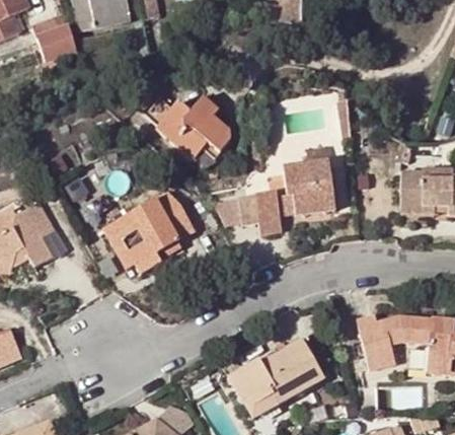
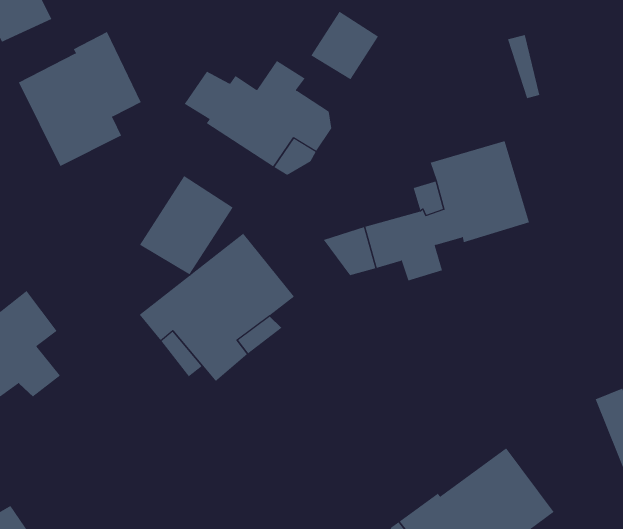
building: none -> [18,31,141,167]
building: none -> [311,11,379,80]
building: none -> [139,175,234,275]

